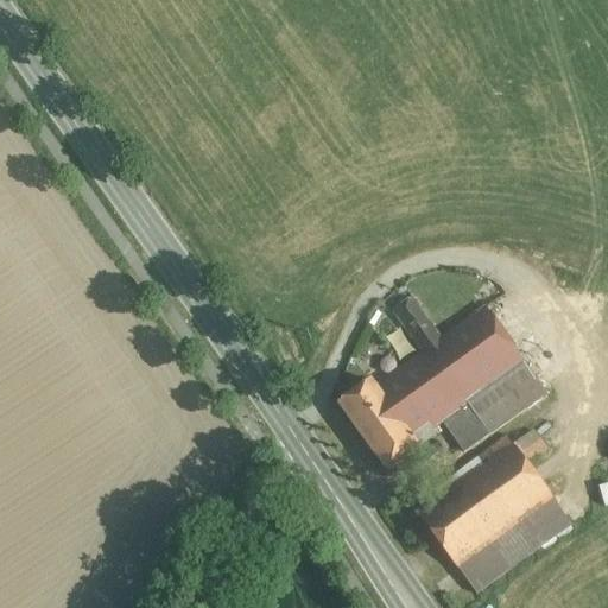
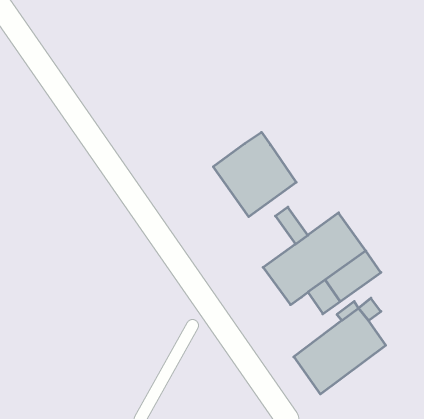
building: none -> [213,132,296,217]
building: [340,378,436,467] -> none
building: [458,495,571,591] -> none

